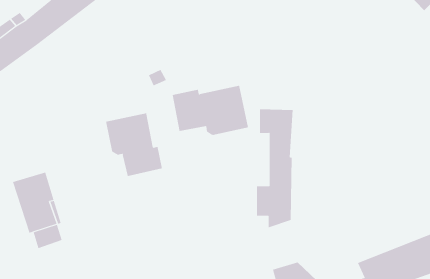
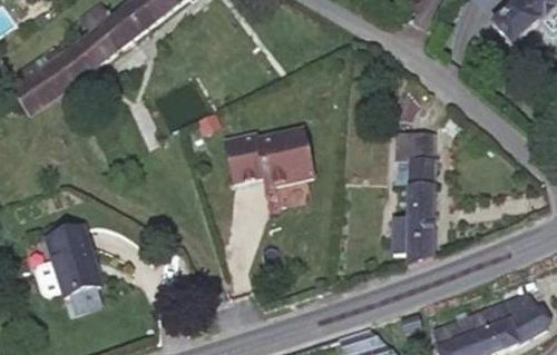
building: [256,109,294,228] -> [393,132,436,267]
building: [106,113,162,177] -> none

